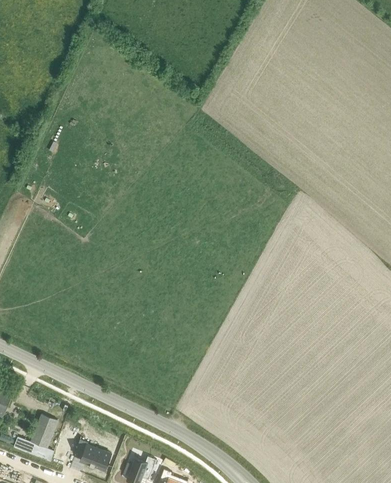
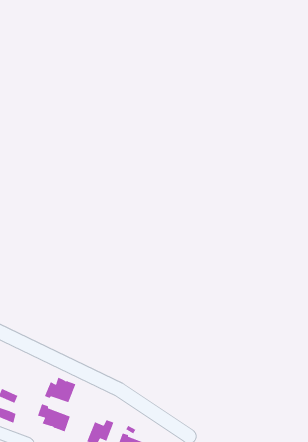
building: none -> [44,376,76,403]

